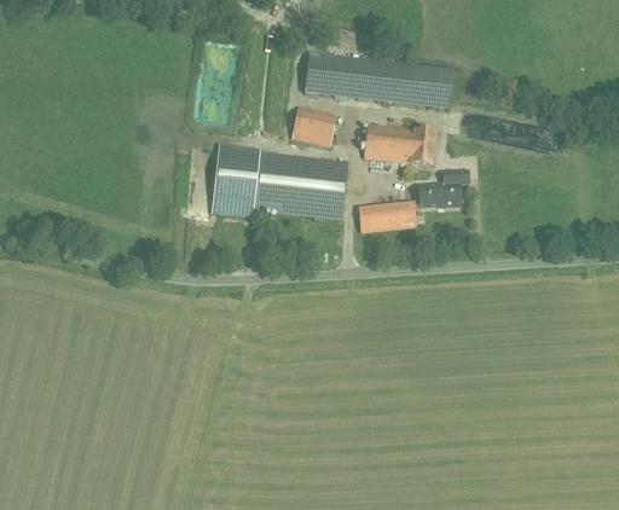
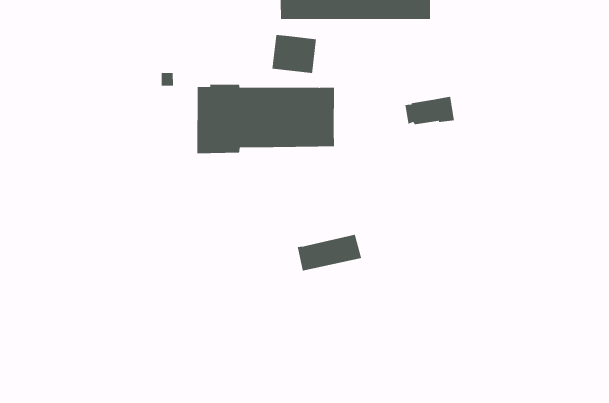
building: [364,124,435,166] -> none
building: [355,204,416,234] -> [297,234,362,272]

